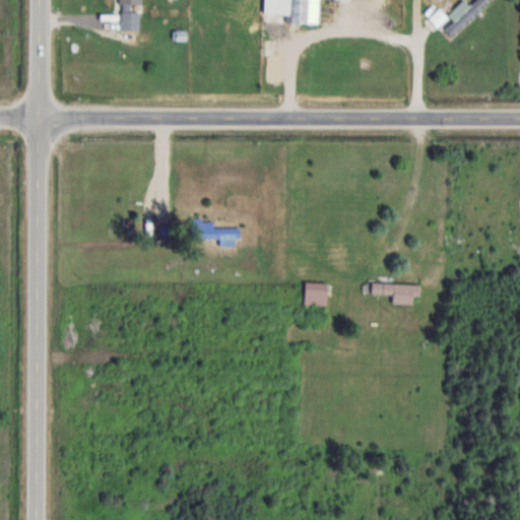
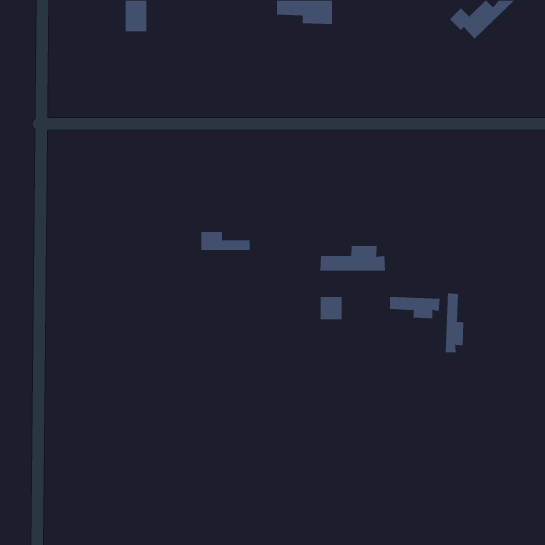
building: none -> [320,245,386,272]
building: none -> [445,292,464,353]

